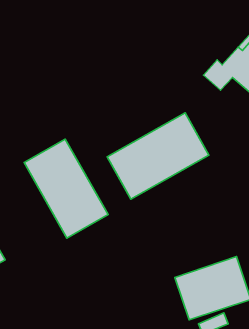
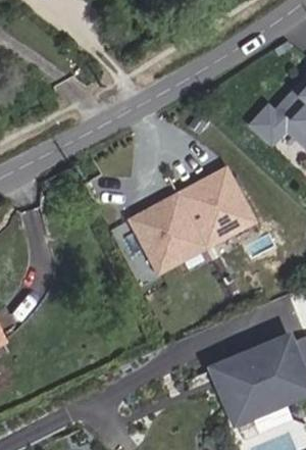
building: [24,139,108,238] -> none

